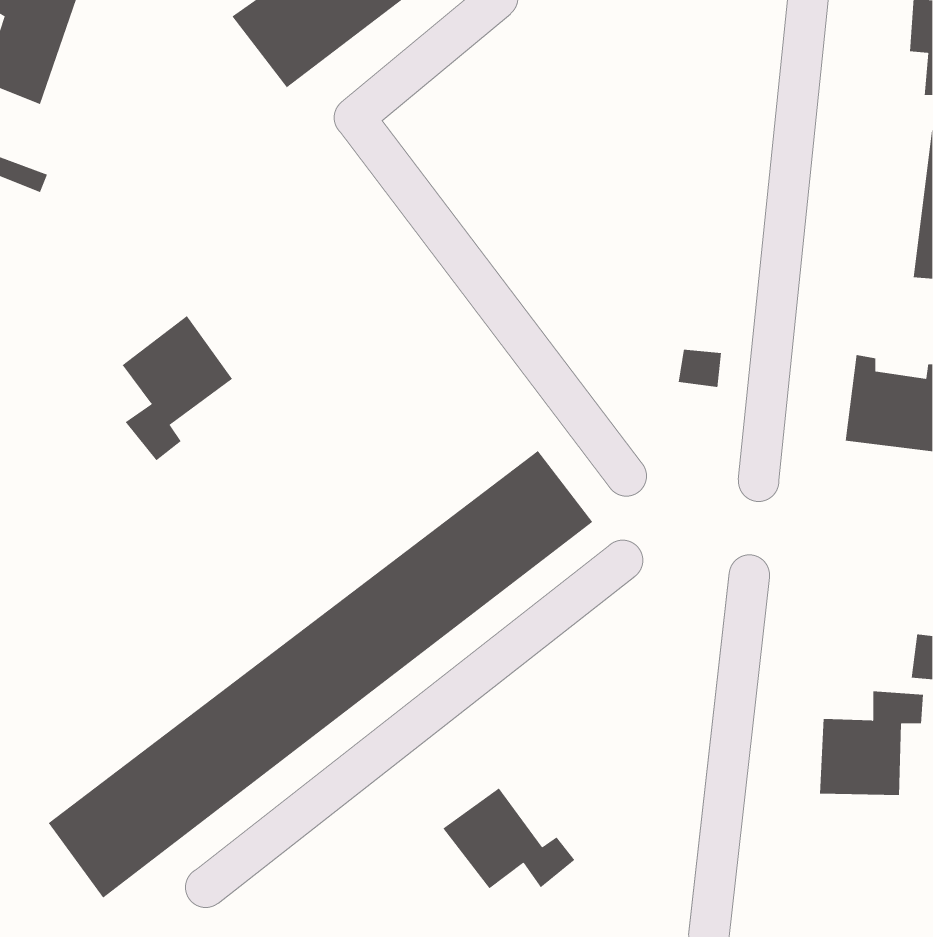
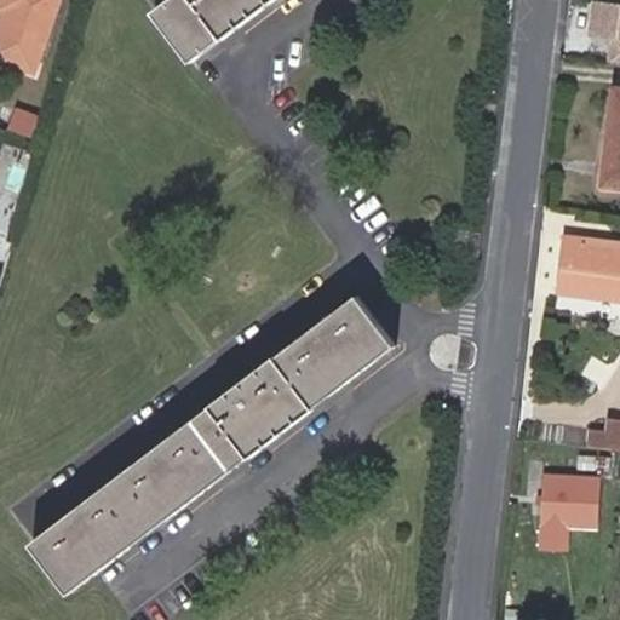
building: [122,315,233,461] -> none
building: [443,788,575,889] -> none

